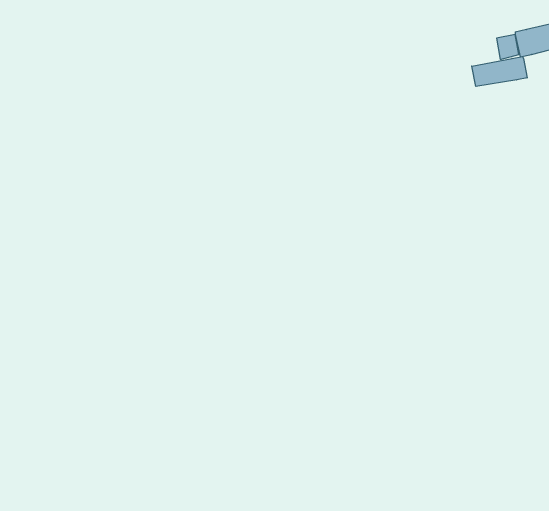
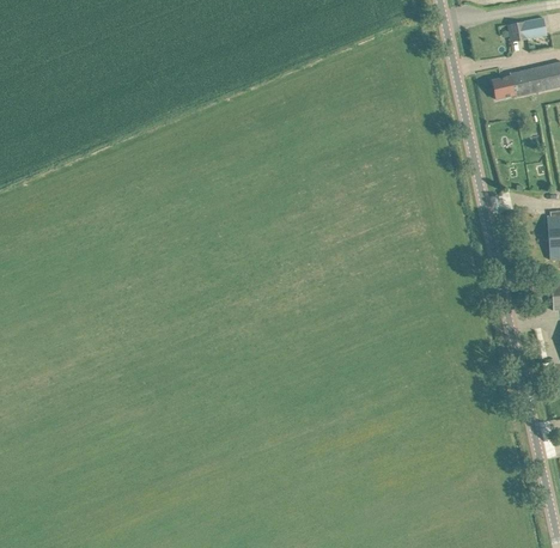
building: [472,57,527,86] -> none

